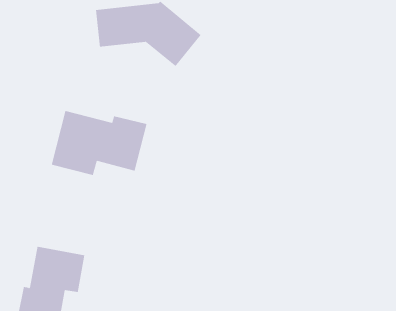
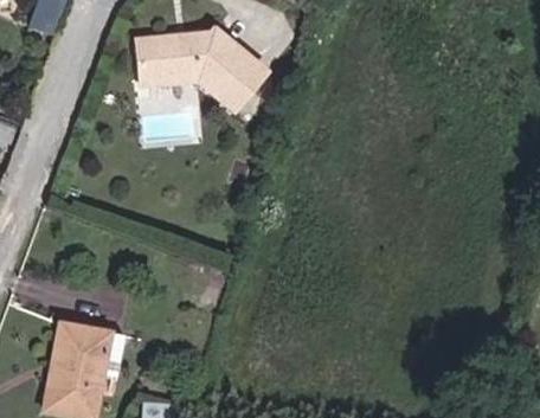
building: [51,110,147,176] -> none

